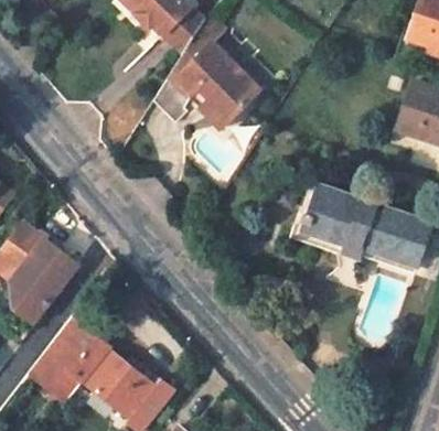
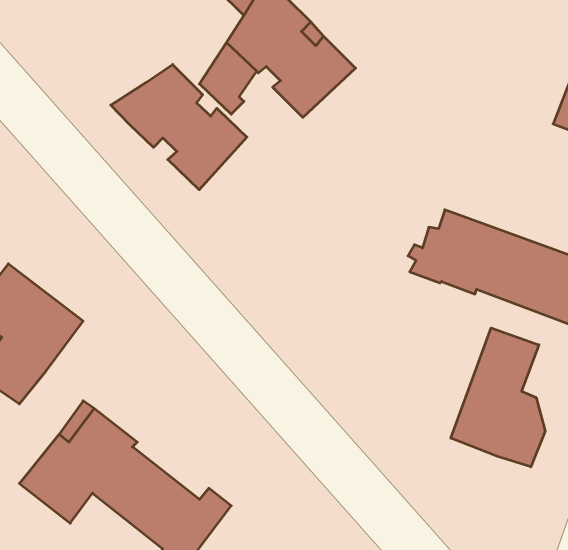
building: none -> [111,64,247,190]
building: none -> [451,328,545,467]

